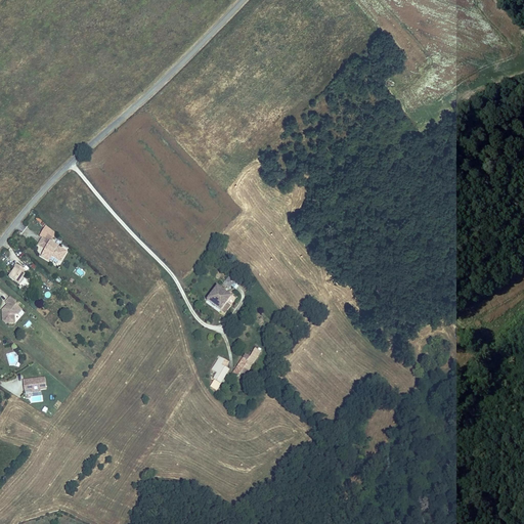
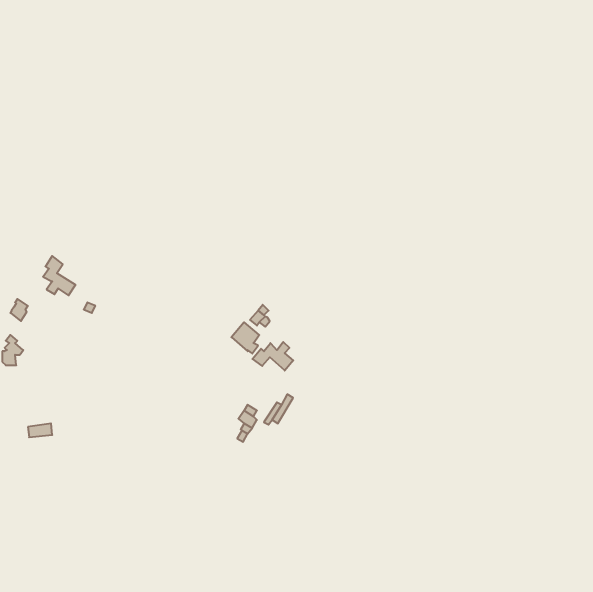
building: none -> [252,342,293,371]

